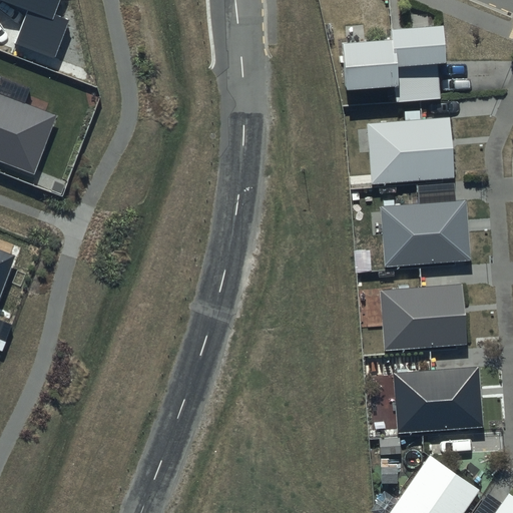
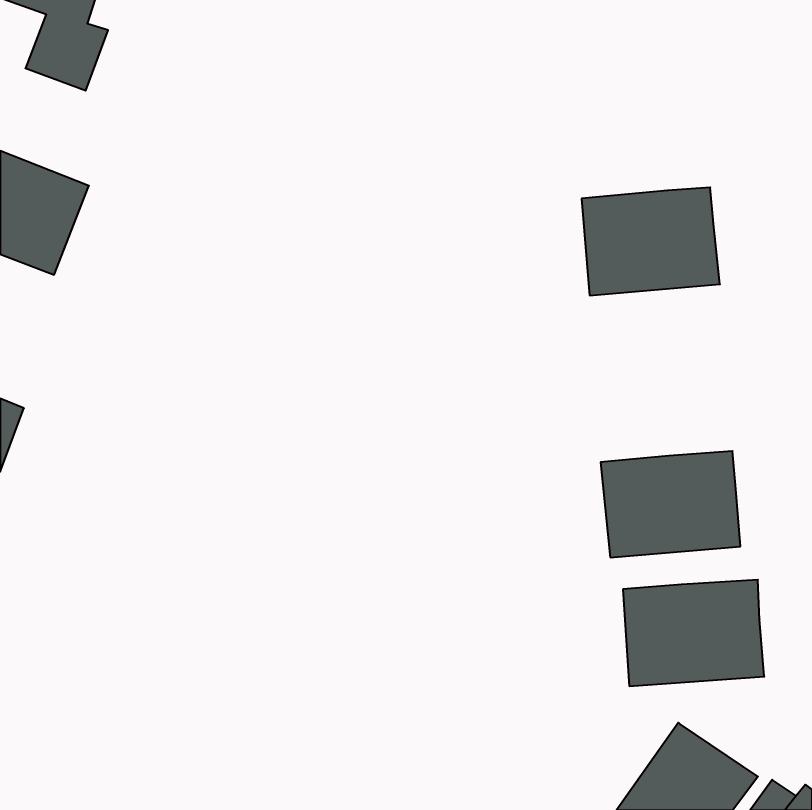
building: [344,24,446,101] -> none
building: [381,200,471,268] -> none

